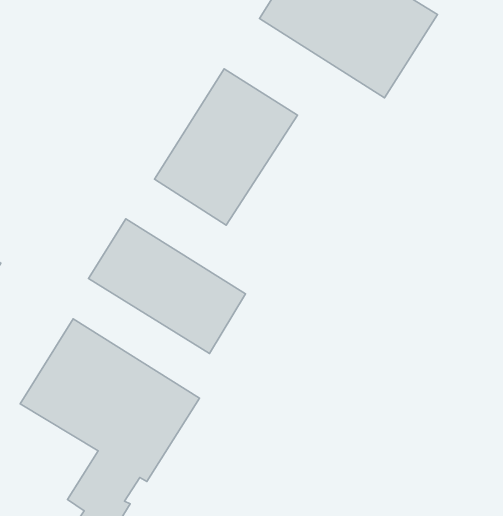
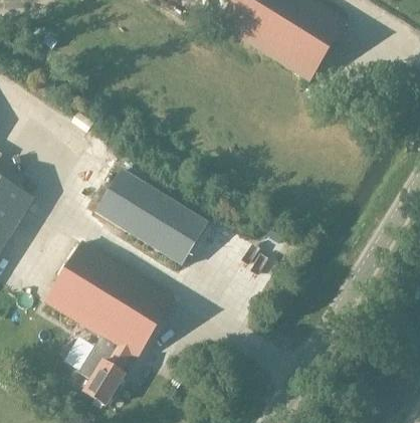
building: [154,69,298,225] -> none

